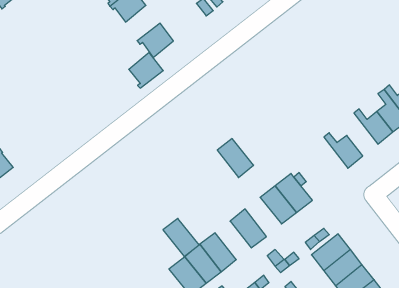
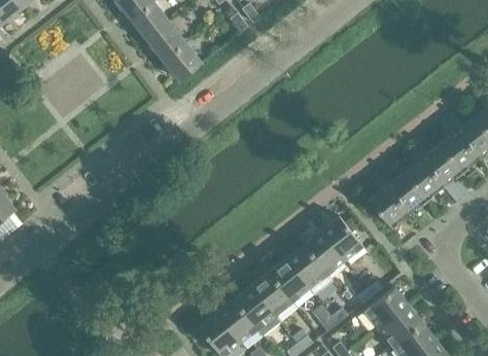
building: [129,53,163,88] -> [147,22,187,63]
building: none -> [405,147,441,197]
building: none -> [369,175,406,224]
building: [217,139,254,178] -> [286,245,328,290]
building: [163,218,199,256] -> [251,273,293,317]

